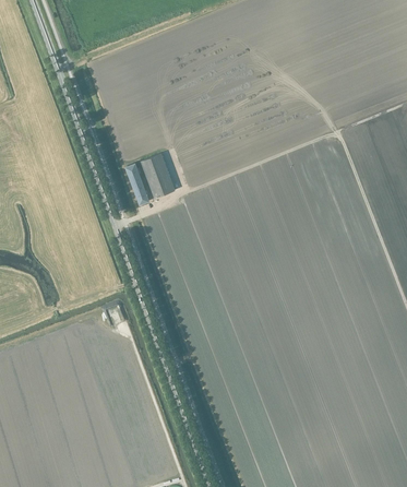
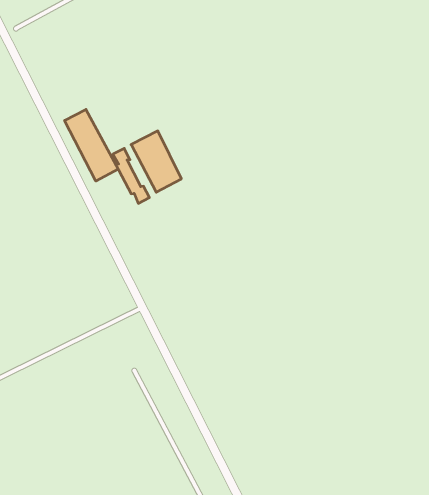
building: none -> [65,109,118,181]

